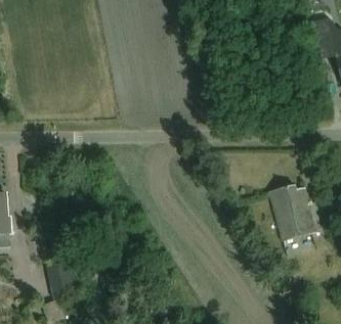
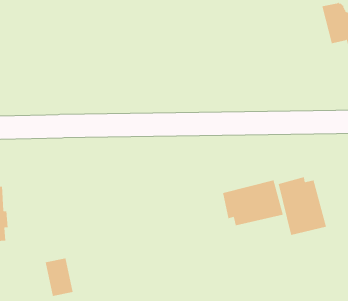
building: none -> [222,180,283,226]

